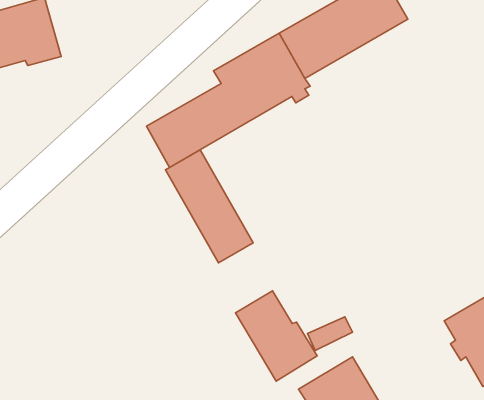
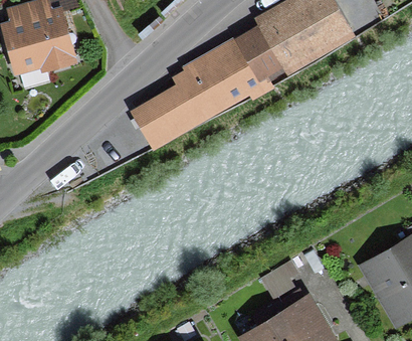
building: [165,150,253,263] -> none
building: [235,291,317,381] -> none

